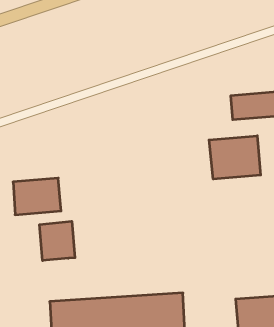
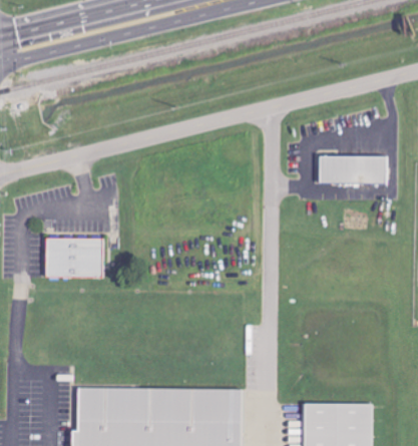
building: [209,136,261,179] -> none
building: [40,221,75,261] -> none

